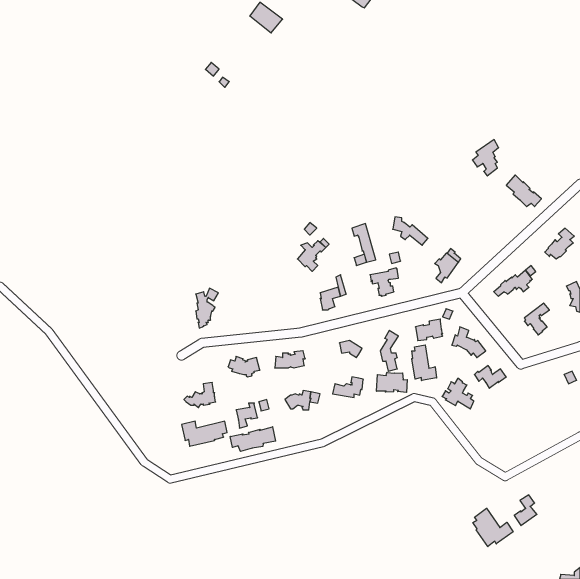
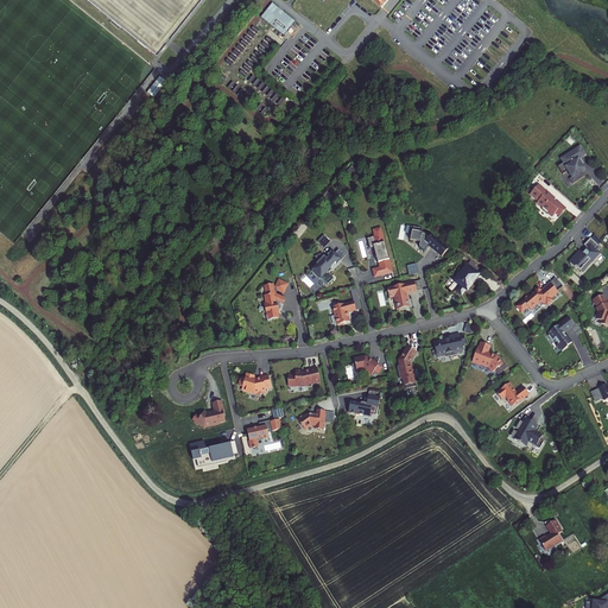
building: [472,140,499,176] -> [557,147,584,185]
building: [196,288,218,328] -> [265,279,289,321]
building: [412,345,437,381] -> none
building: [377,372,407,392] -> none
building: [442,378,474,409] -> [511,417,544,449]
building: [230,427,276,451] -> none
building: [473,508,513,547] -> none

